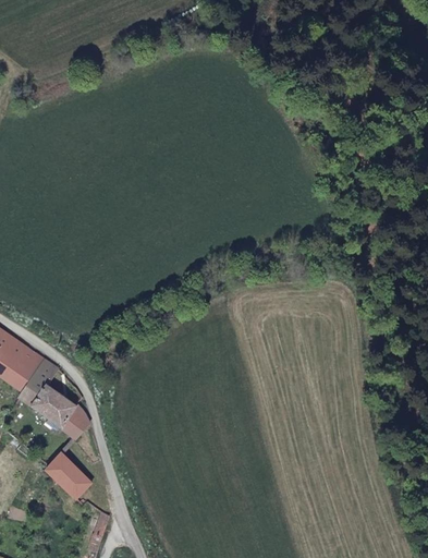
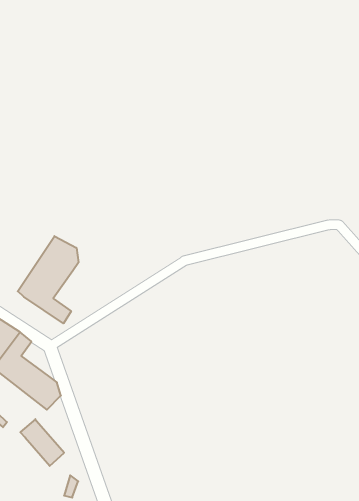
building: none -> [18,236,78,323]

